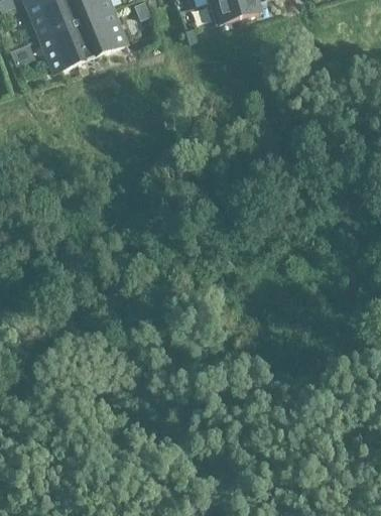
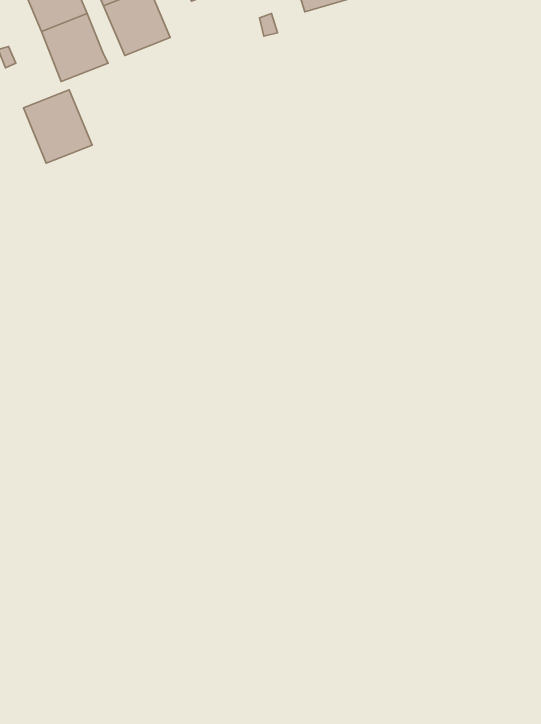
building: none -> [23,90,92,163]

